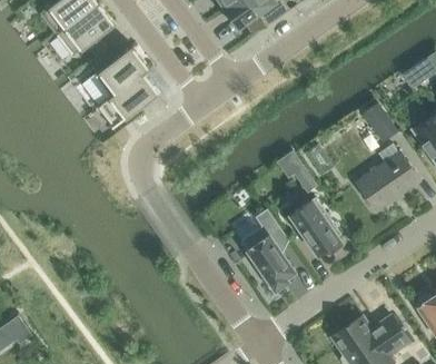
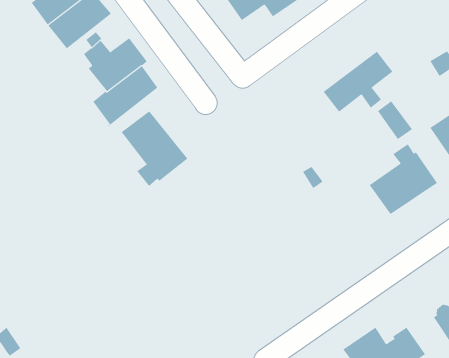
building: none -> [323,51,393,112]
building: none -> [121,111,188,187]
building: [290,198,343,256] -> none
building: [241,209,295,291] -> none

